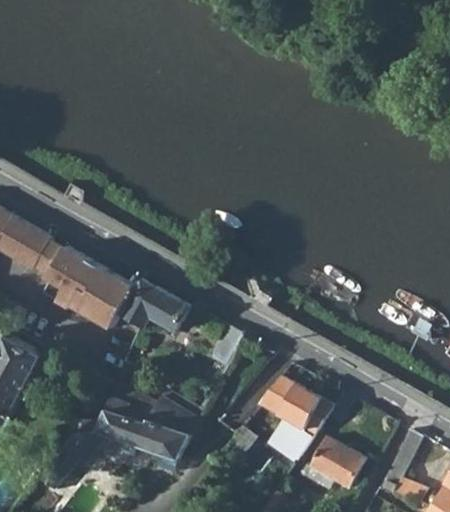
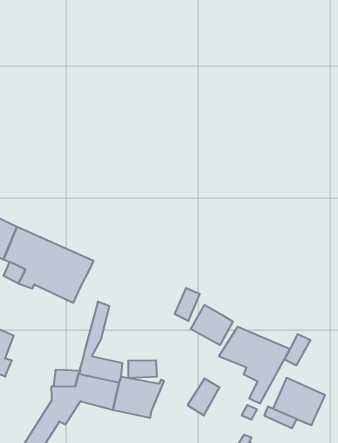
building: [118,280,189,331] -> none
building: none -> [191,305,233,345]

